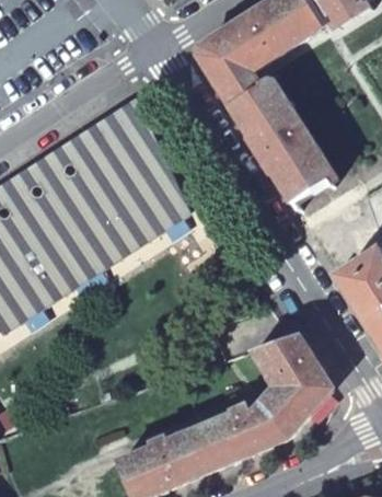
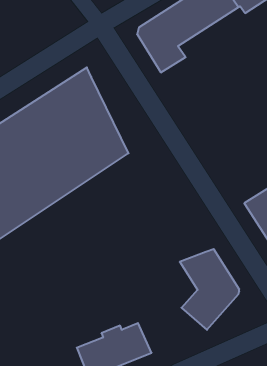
building: [229,80,335,201] -> none
building: [199,405,288,466] -> none

